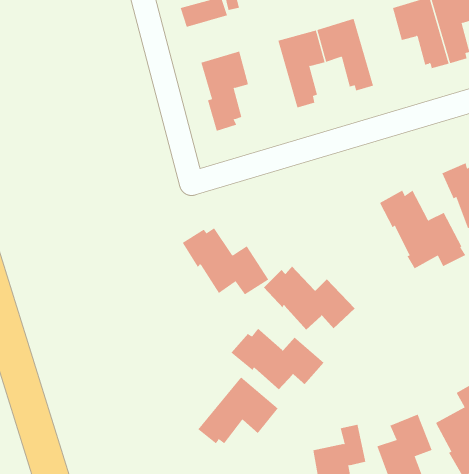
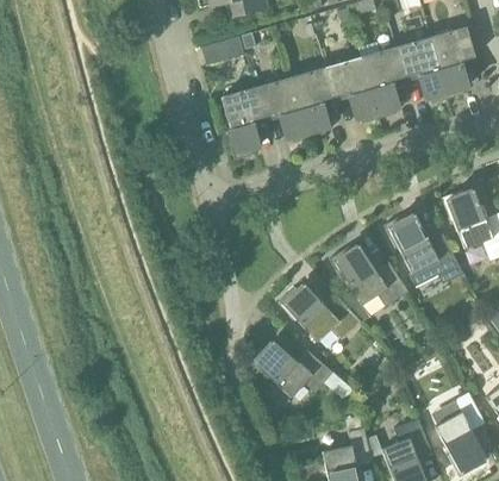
building: none -> [362,46,405,118]
building: none -> [257,76,310,143]
building: [182,227,269,295] -> [330,244,410,306]
building: [198,376,279,444] -> none

